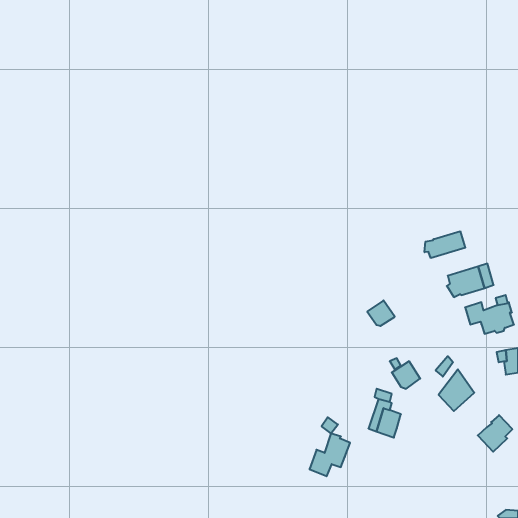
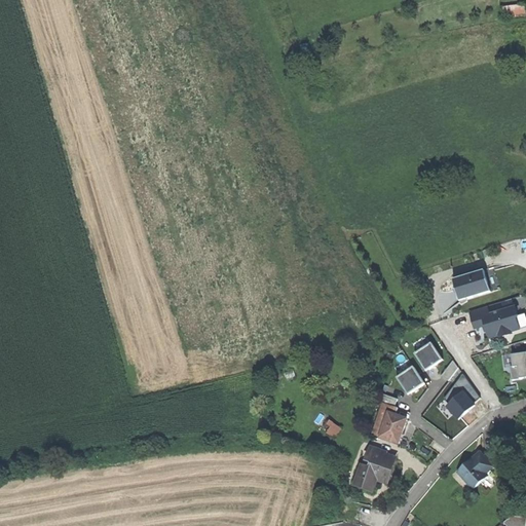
building: [425,231,465,258] -> none
building: [367,300,395,326] -> [414,342,442,368]
building: [478,415,512,452] -> [457,451,492,488]
building: [309,434,350,476] -> [353,448,394,491]

